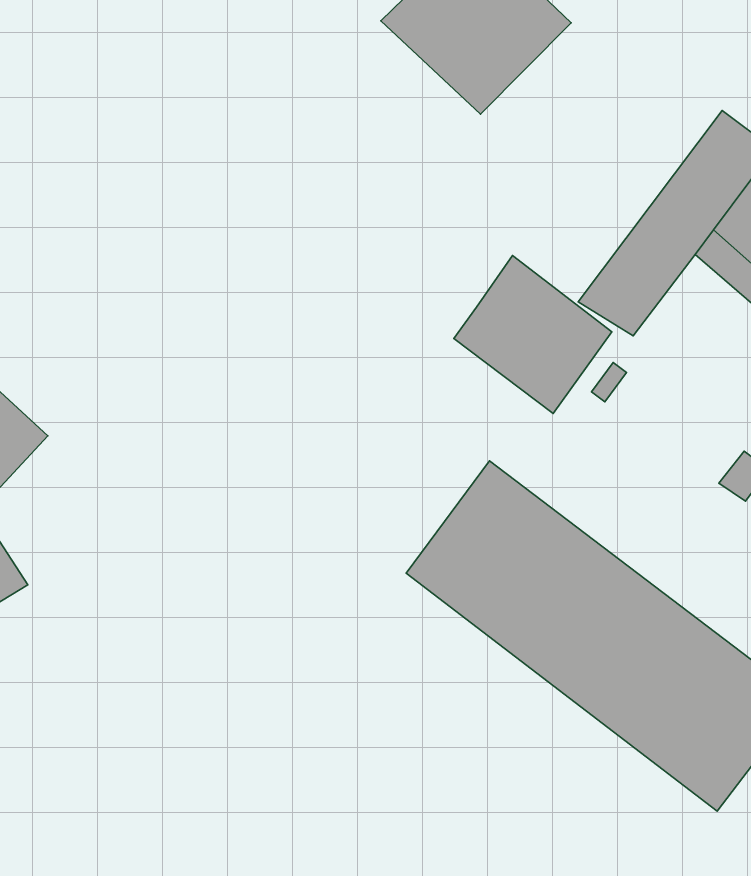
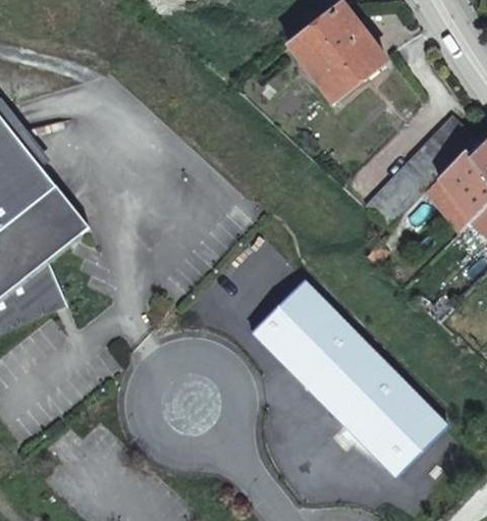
building: [454,255,612,413] -> none

